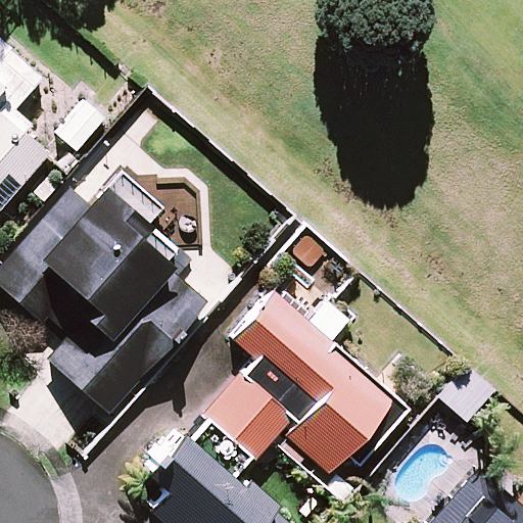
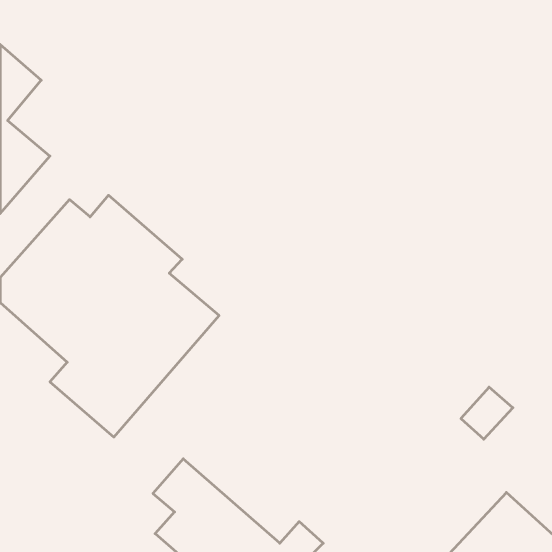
building: [206,292,402,486] -> none

